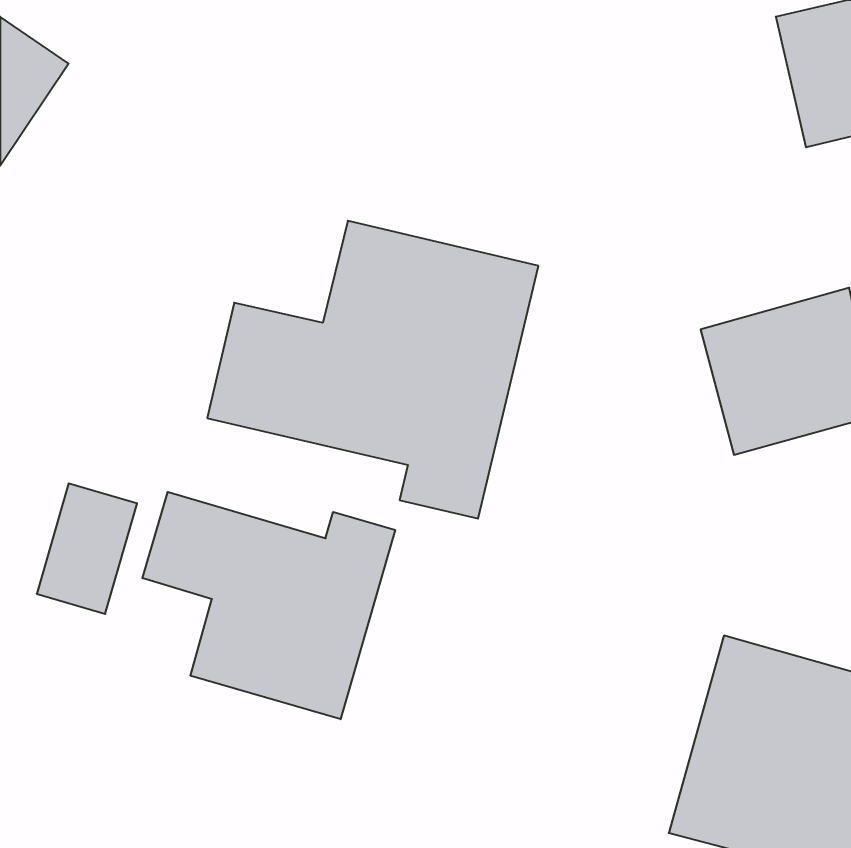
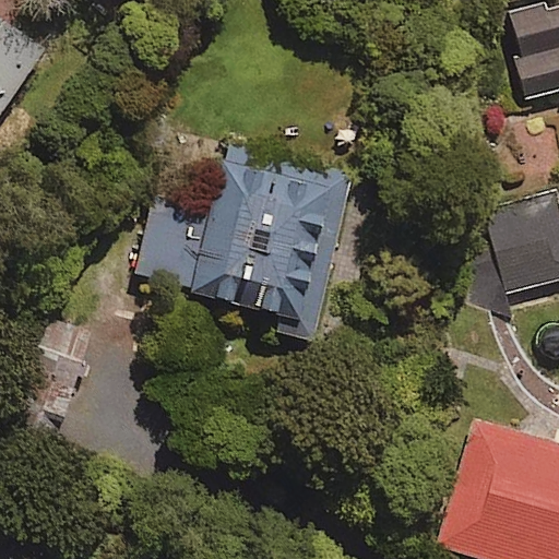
building: [142,492,395,719] -> none

